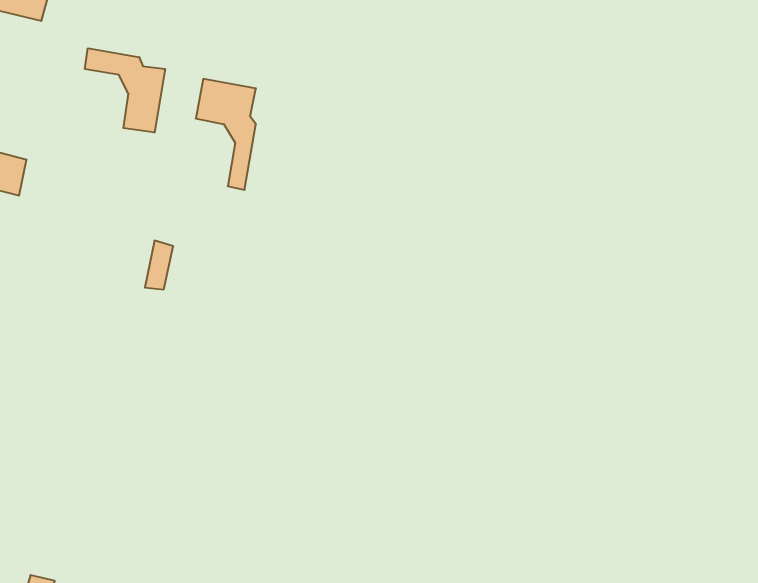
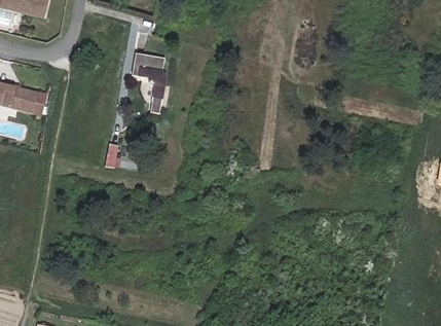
building: [85,48,165,133] -> none

